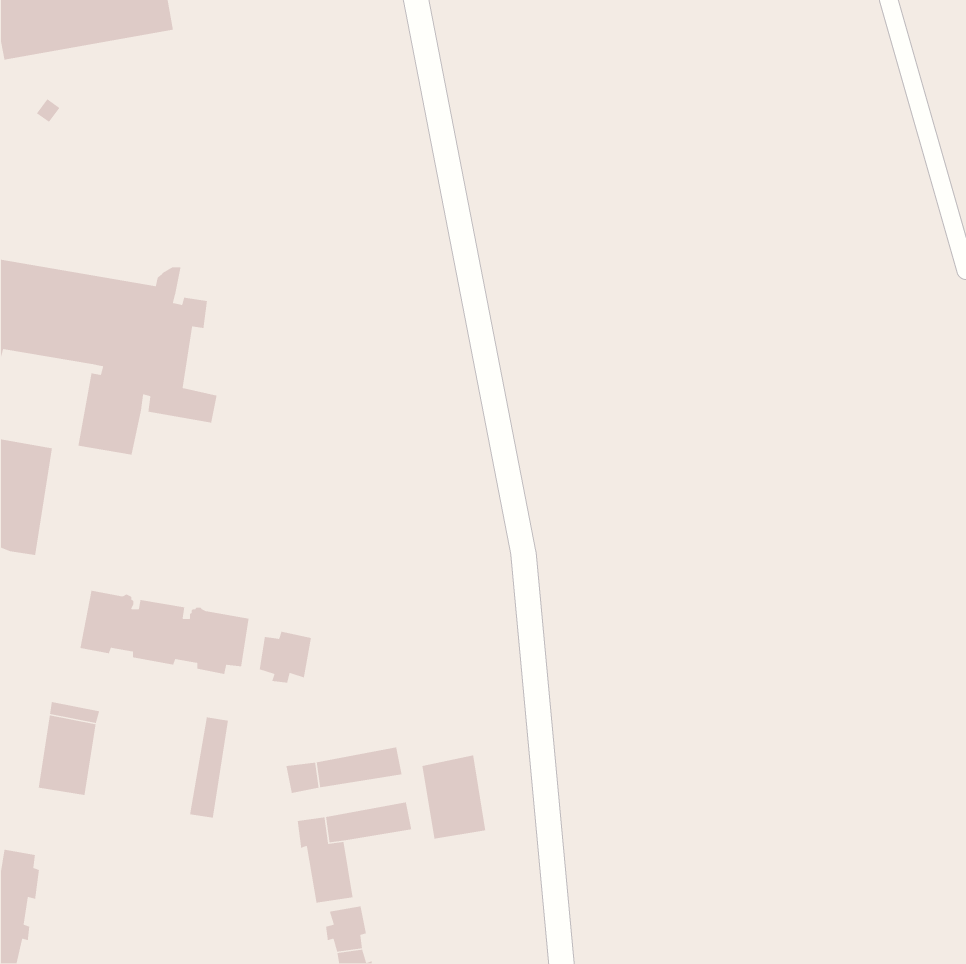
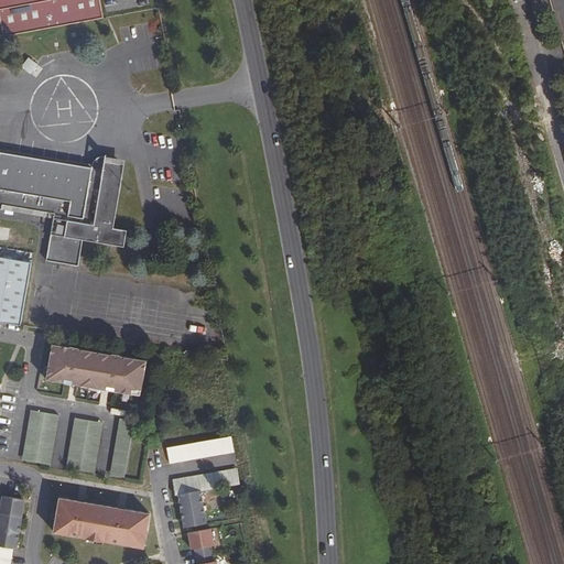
building: [259,631,312,684] -> none
building: none -> [66,416,102,471]
building: [421,755,486,840] -> none
building: none -> [54,497,150,545]

